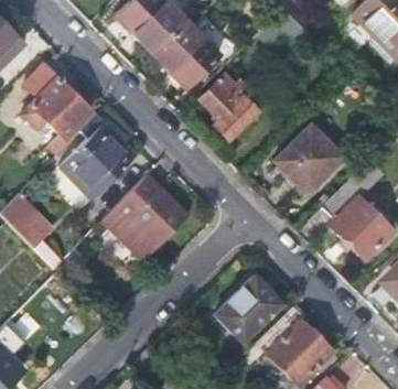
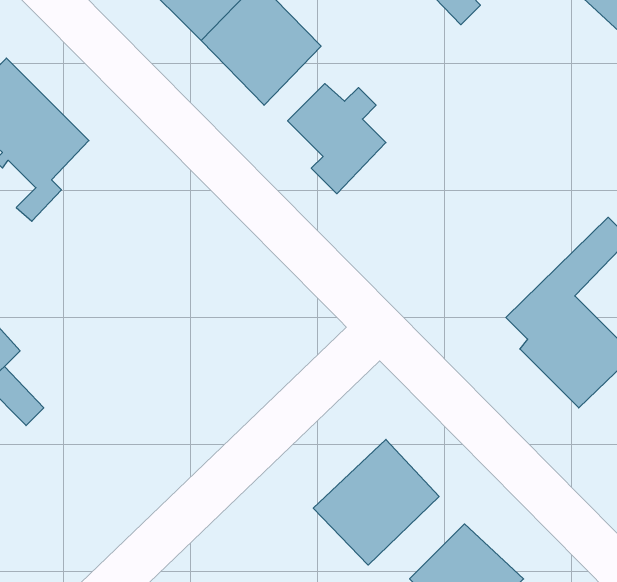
building: [276,122,343,191] -> none
building: [60,123,131,198] -> none
building: [103,174,187,259] -> none

